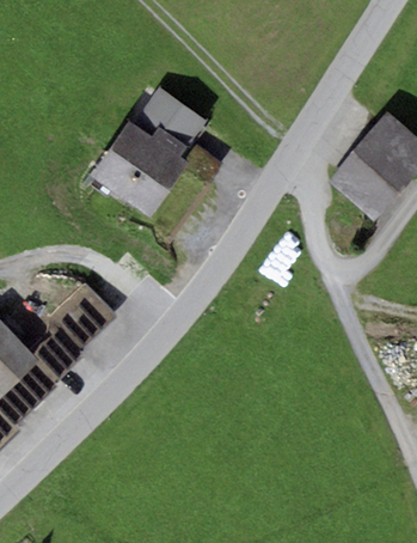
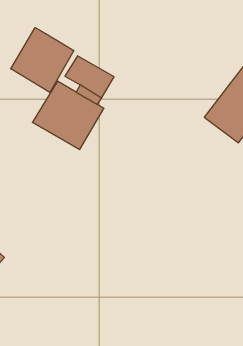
building: none -> [11,28,74,93]

